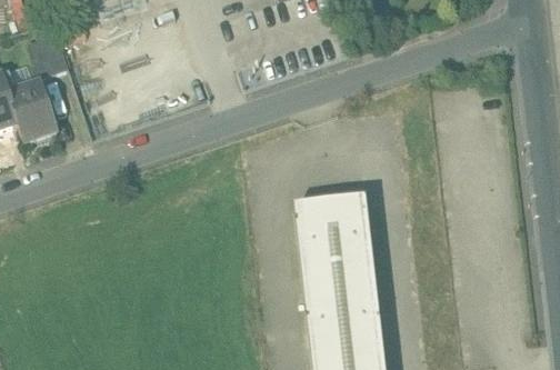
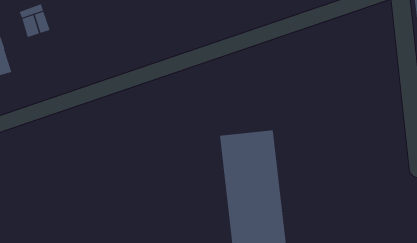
building: [9,81,59,139] -> none

